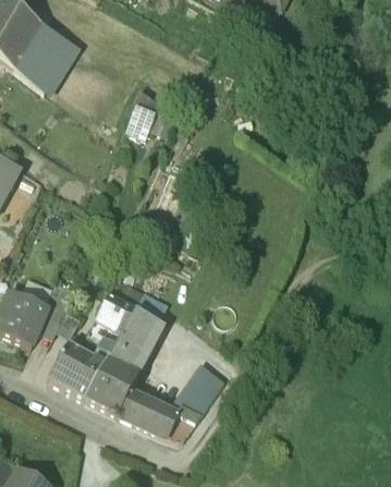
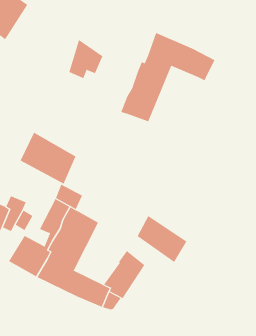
building: none -> [121,32,215,122]
building: none -> [20,132,76,185]
building: none -> [137,215,187,263]

